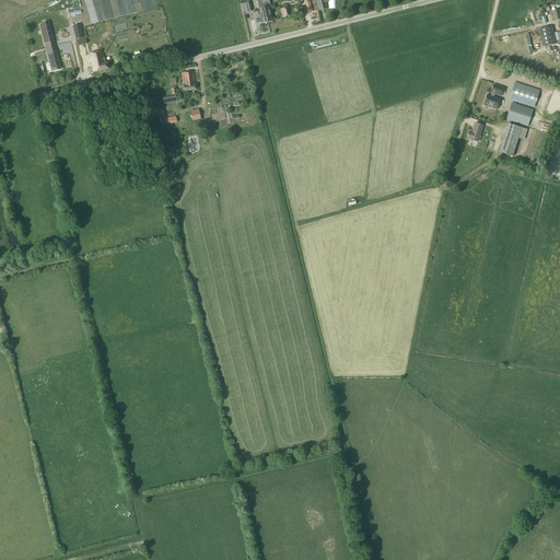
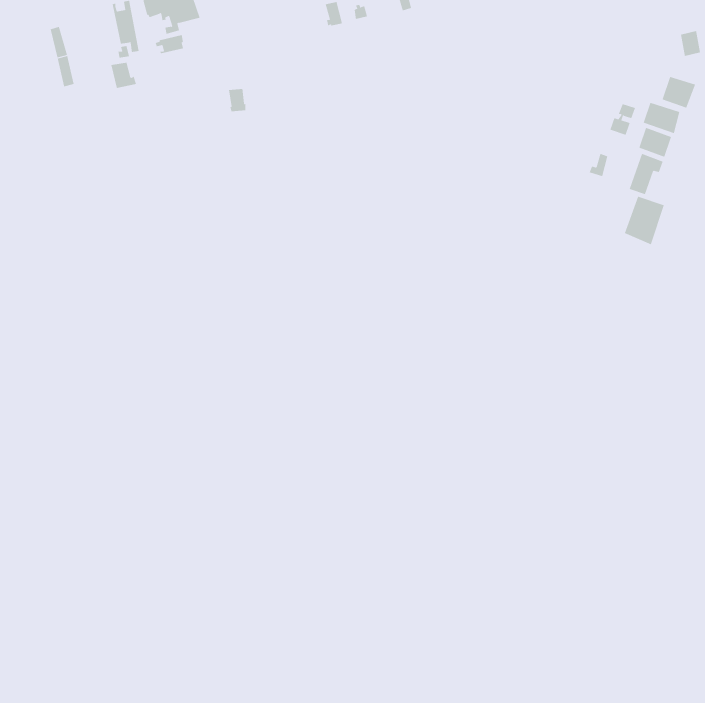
building: none -> [662,76,696,109]
building: none -> [624,196,665,245]

